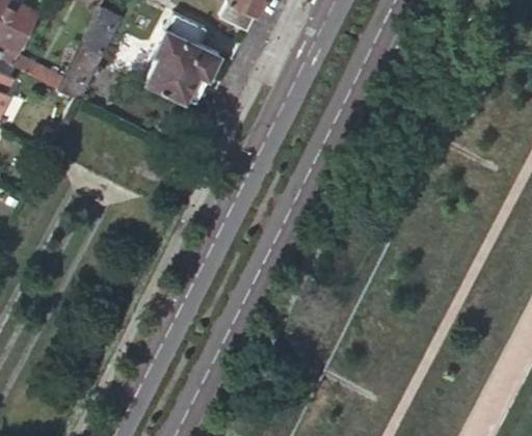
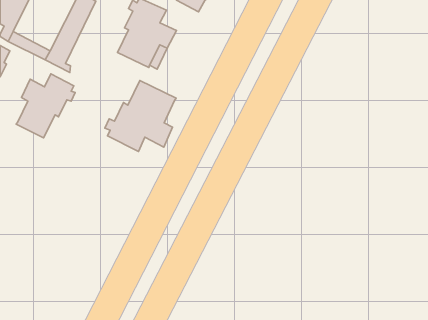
building: none -> [16,74,75,138]
building: none -> [105,81,176,151]

